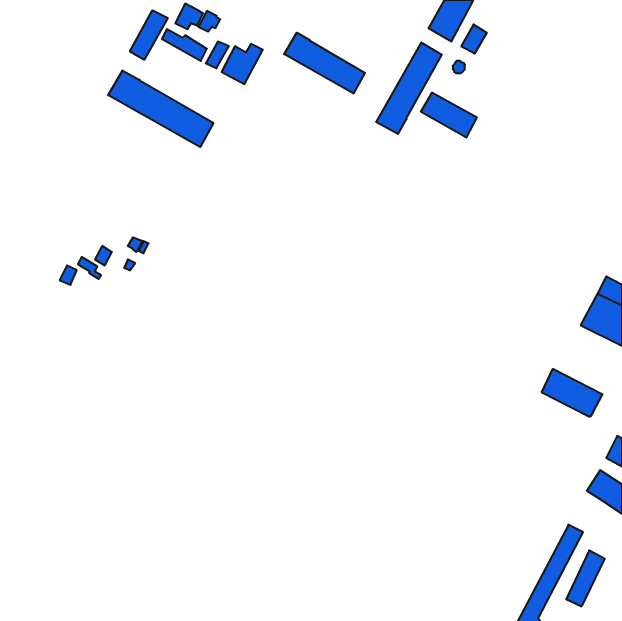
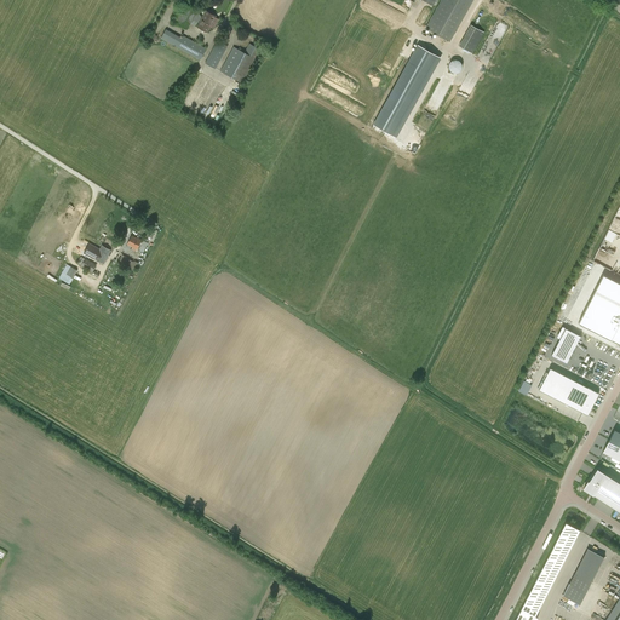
building: [130,10,168,60] -> none
building: [284,33,365,94] -> none
building: [108,70,213,147] -> none
building: [421,93,477,138] -> none
building: none -> [551,328,581,364]

